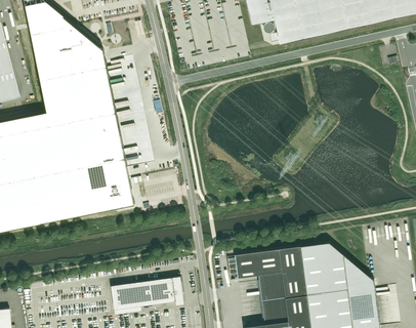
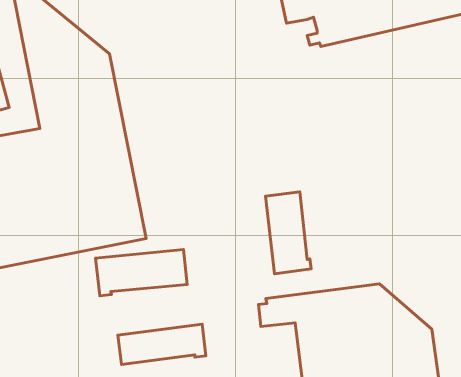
building: none -> [266,192,311,274]
building: none -> [96,249,187,296]

